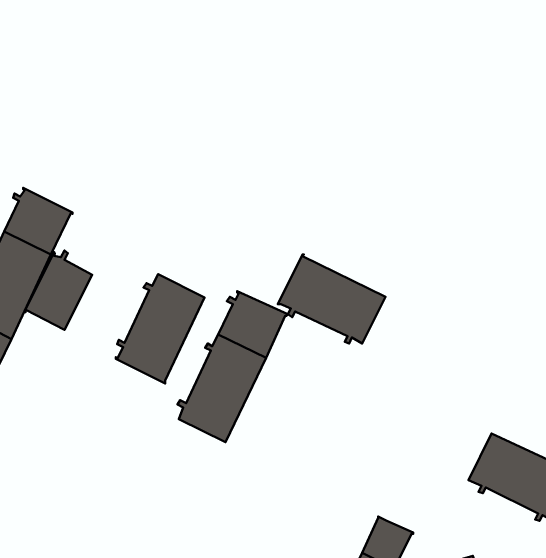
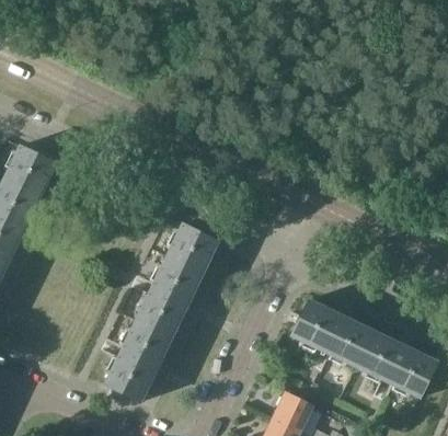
building: [25,250,92,330] -> none
building: [278,255,385,343] -> [290,299,371,366]
building: [116,274,205,383] -> [104,320,171,402]

